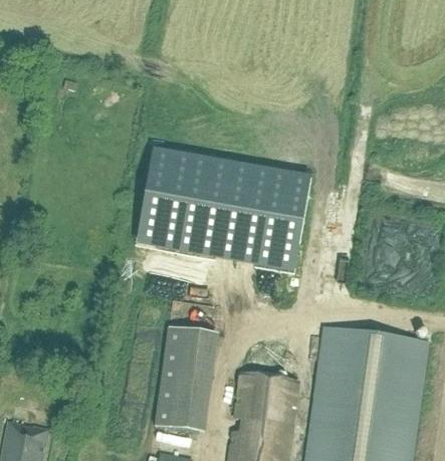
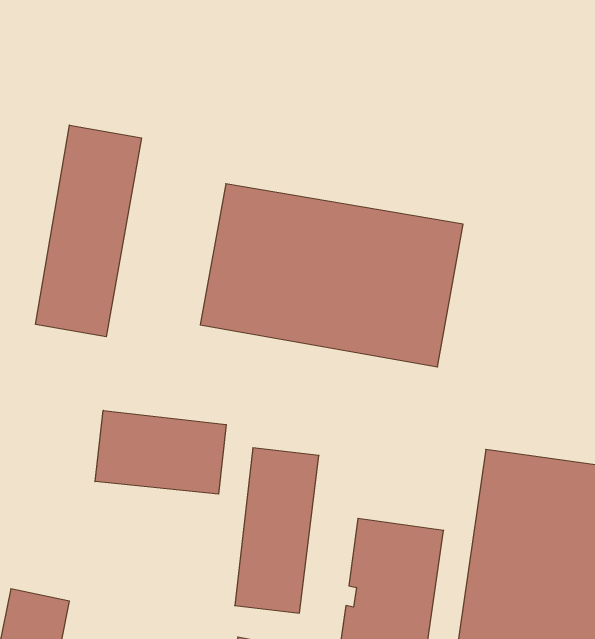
building: none -> [36,125,141,337]
building: none -> [95,410,226,494]

